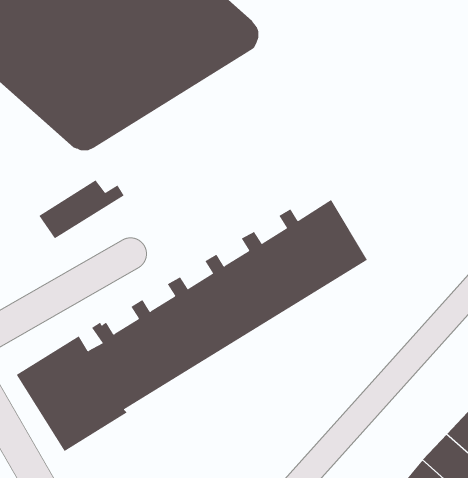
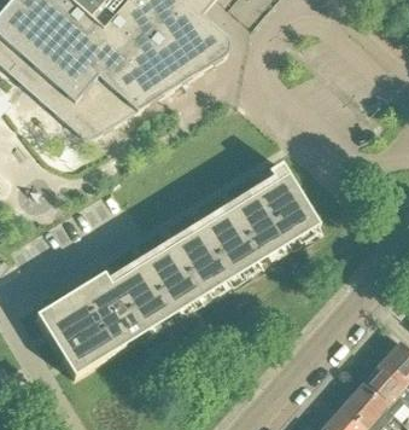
building: [38,180,124,239] -> none

